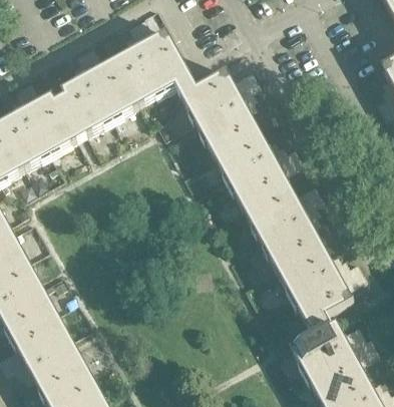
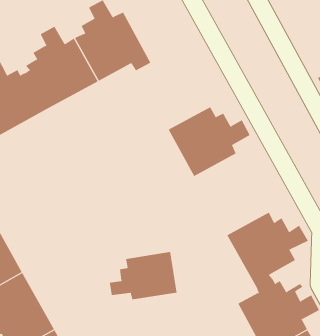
building: [179,70,261,158] -> none
building: [243,184,324,273] -> none
building: none -> [109,251,177,300]

